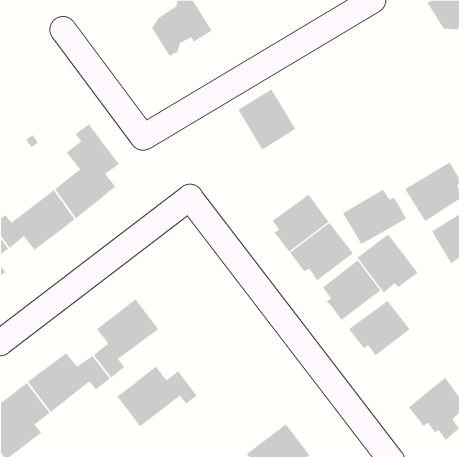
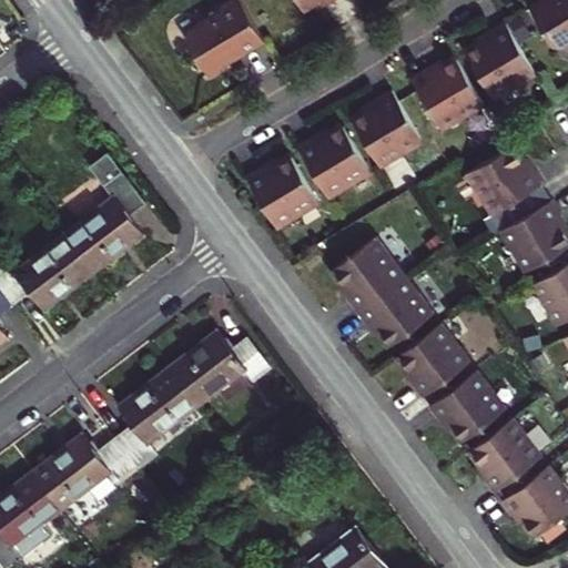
building: none -> [457,18,530,92]
building: none -> [409,48,477,121]
building: none -> [344,84,416,160]
building: none -> [240,146,312,222]
building: [342,189,407,245] -> [466,150,546,219]
building: [357,234,418,293] -> none
building: none -> [473,422,546,497]
building: [117,366,198,427] -> [169,334,268,409]

